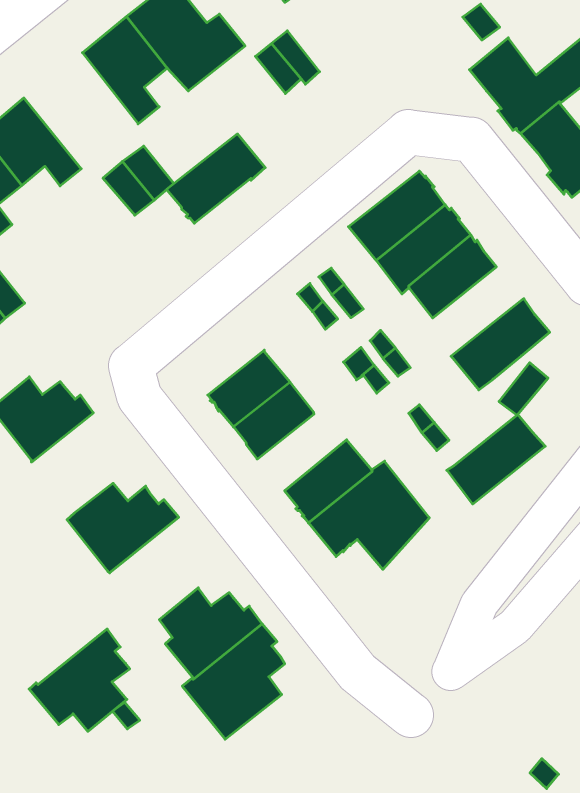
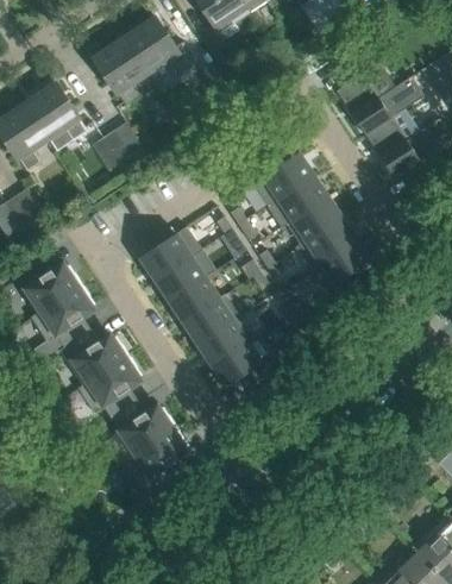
building: [167,134,265,223] -> [138,226,201,280]
building: none -> [181,293,238,344]
building: none -> [30,284,93,346]
building: [447,415,545,504] -> [294,215,357,269]
building: [29,629,130,731] -> [76,354,140,417]

